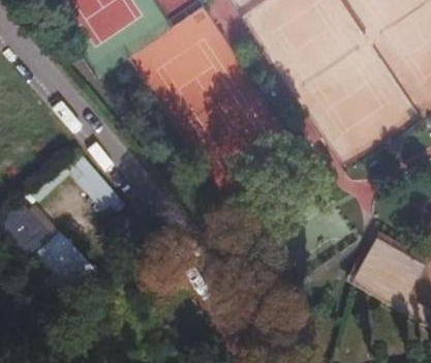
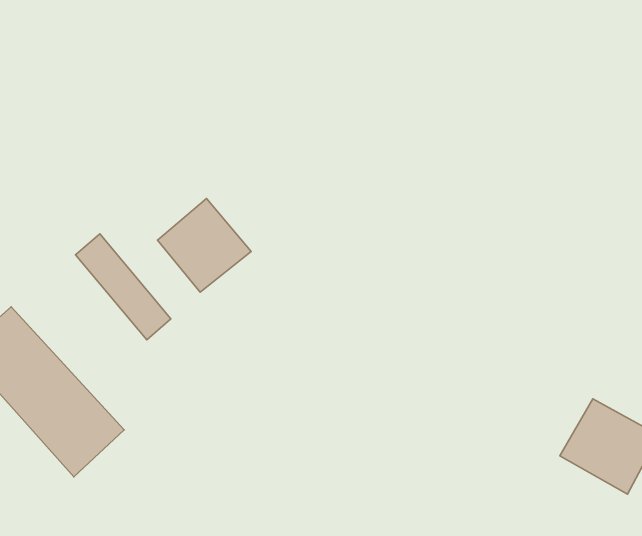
building: none -> [158,198,251,292]

